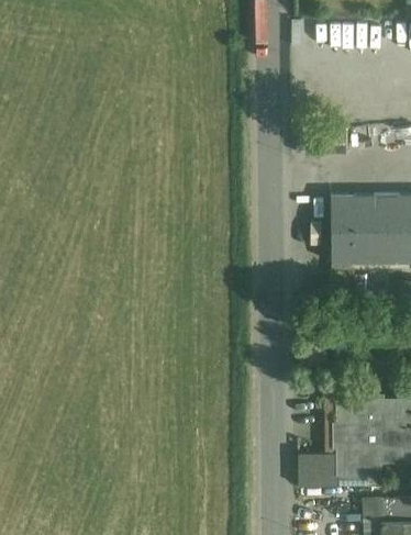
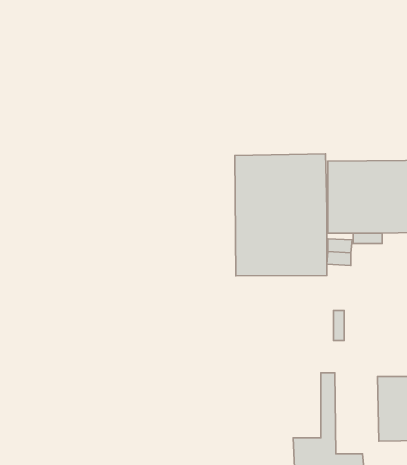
building: none -> [235,154,327,276]
building: [337,395,382,473] -> none

